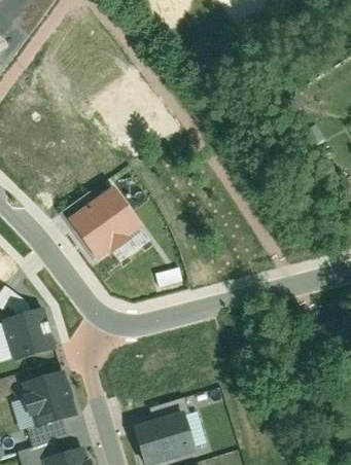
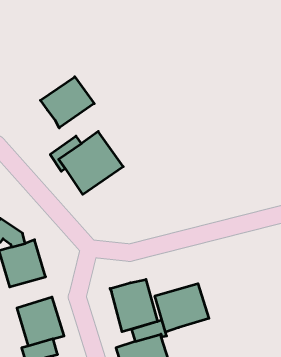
building: none -> [40,77,94,128]
building: none -> [110,279,157,332]
building: none -> [155,284,209,332]

